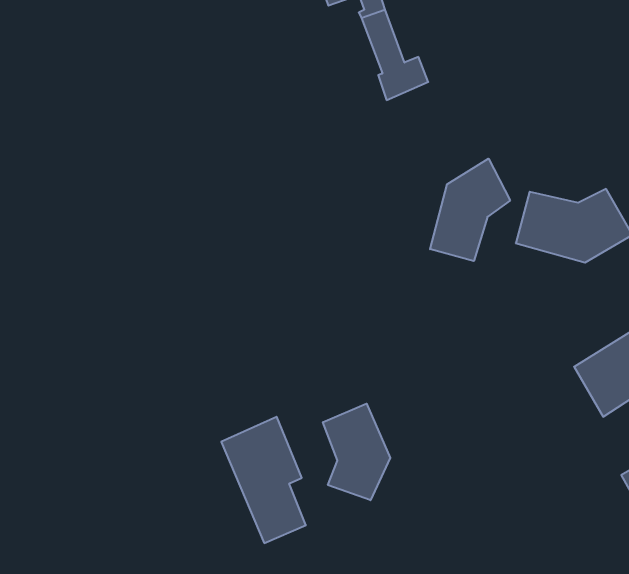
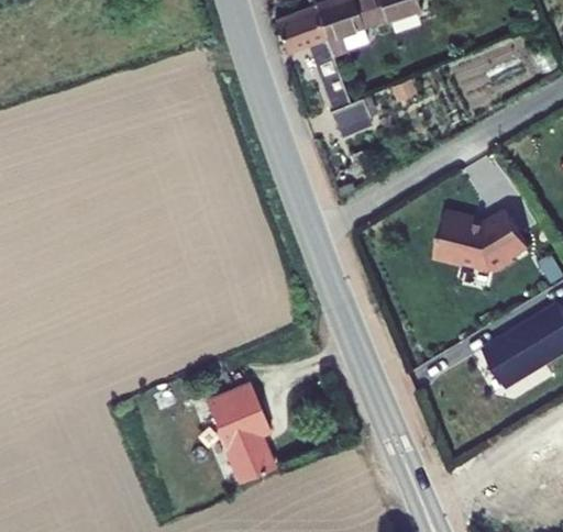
building: [430,159,510,261] -> none
building: [323,404,390,500] -> none

